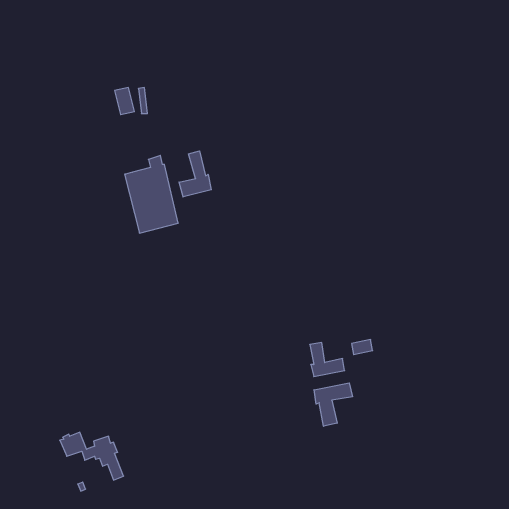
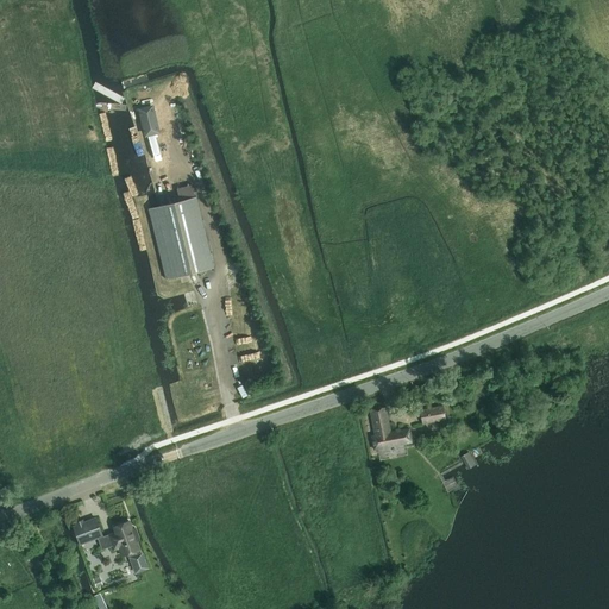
building: [179,151,211,197] -> none
building: [314,383,352,426] -> none

